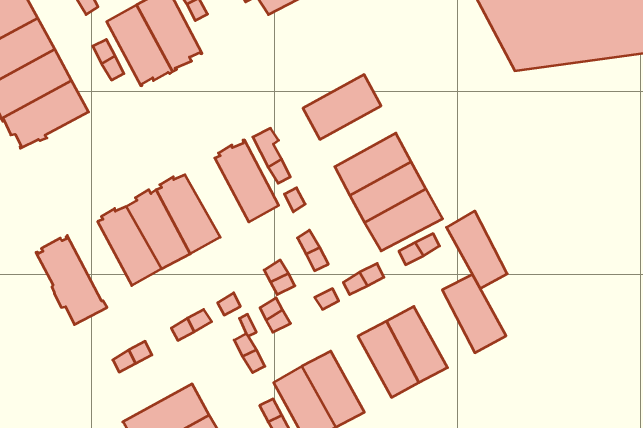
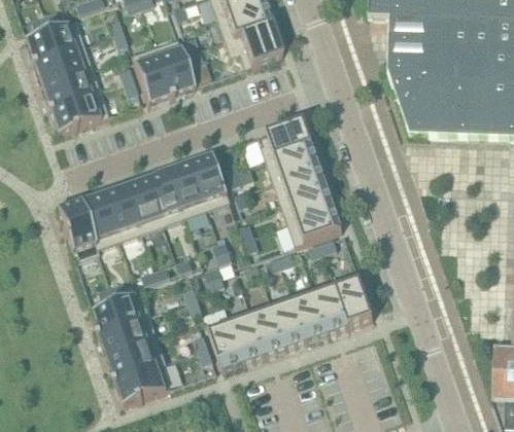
building: none -> [267,143,320,180]
building: none -> [169,159,208,216]
building: [446,211,507,289] -> [313,278,350,332]
building: none -> [80,190,119,247]
building: none -> [250,300,287,354]
building: none -> [91,290,150,333]

